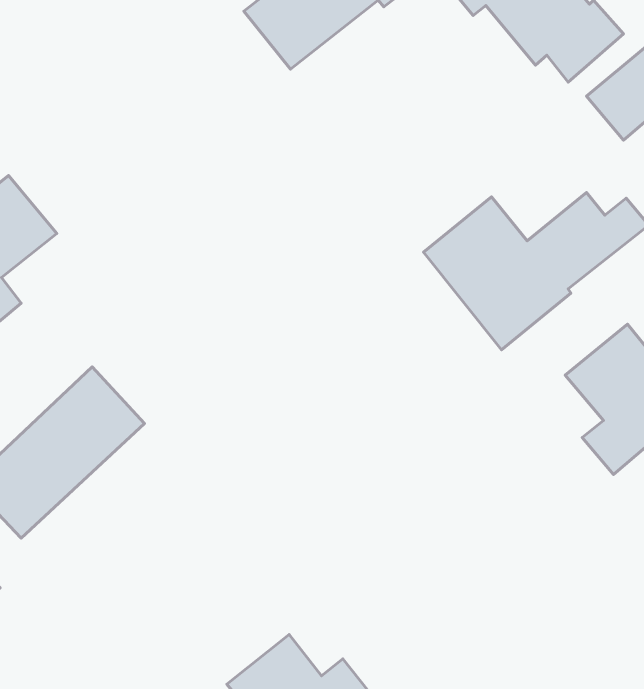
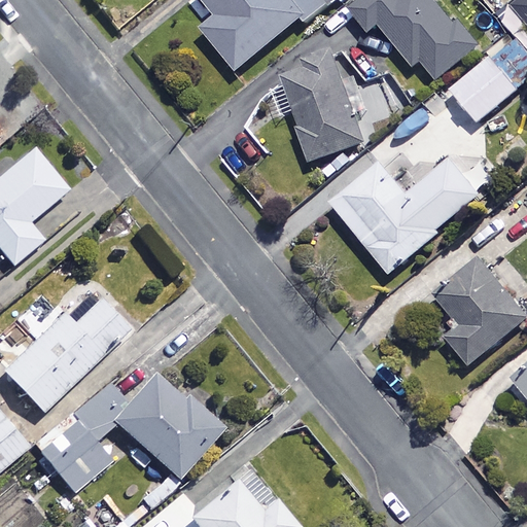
building: none -> [280,55,364,162]
building: none -> [35,373,221,491]

